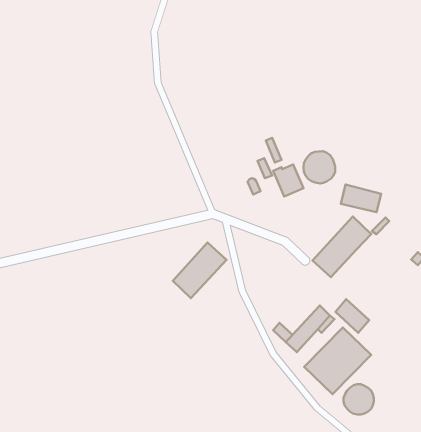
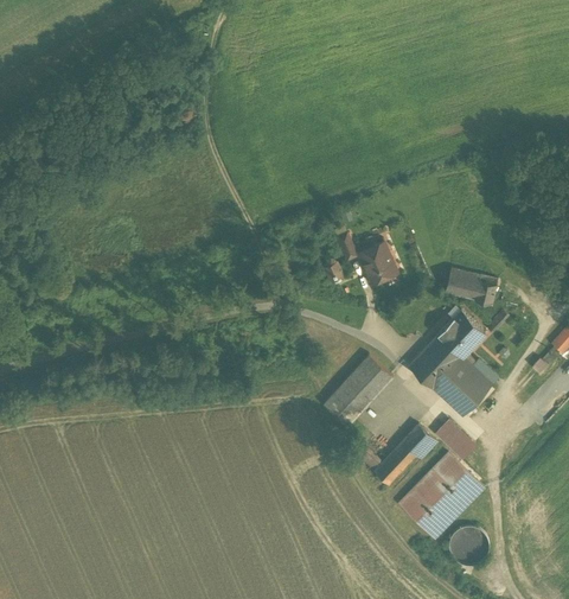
building: [303,151,335,183] -> none
building: [173,242,227,298] -> [324,355,394,427]
building: none -> [433,352,492,415]

